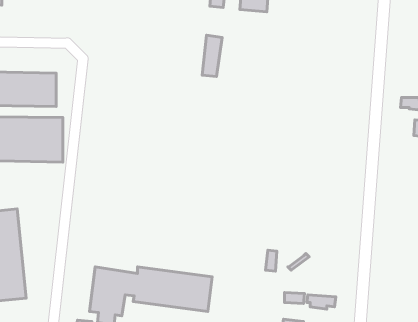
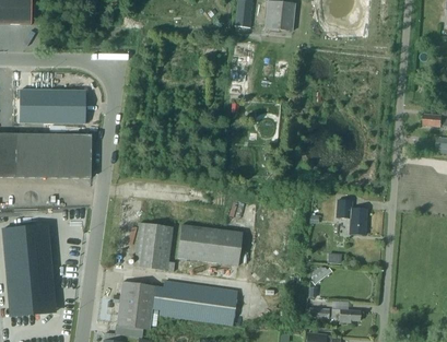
building: none -> [336,199,365,234]
building: none -> [133,223,175,271]
building: none -> [176,224,243,266]

